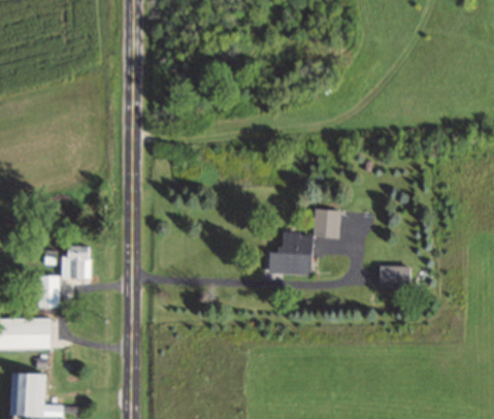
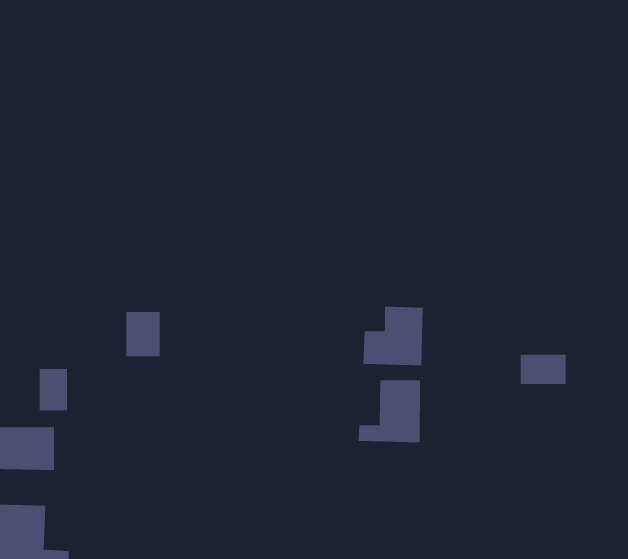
building: [316,208,339,236] -> none
building: [64,246,89,278] -> [126,312,161,357]
building: none -> [358,379,420,443]

